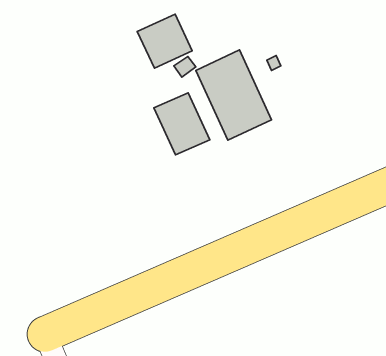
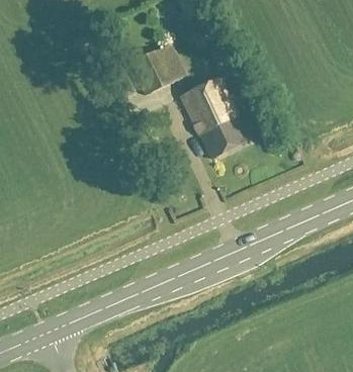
building: [154,93,210,155] -> none

